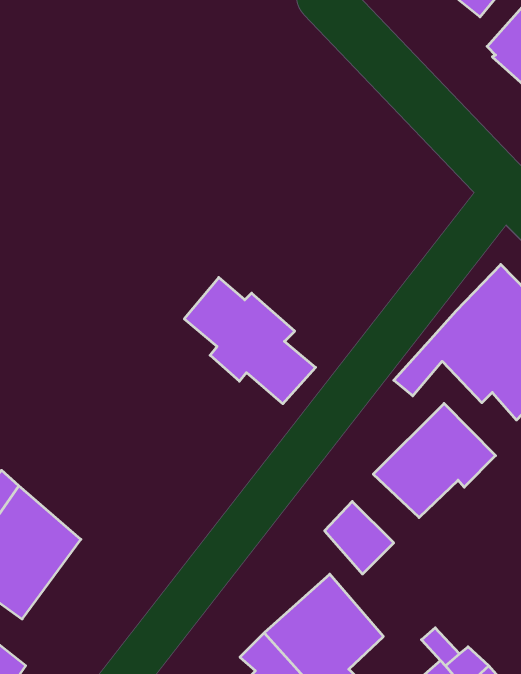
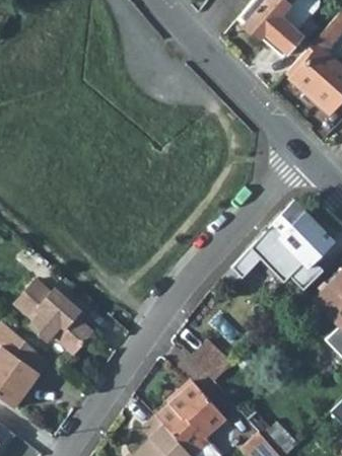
building: [184,277,316,404] -> [15,280,92,354]
building: [373,403,496,518] -> none

